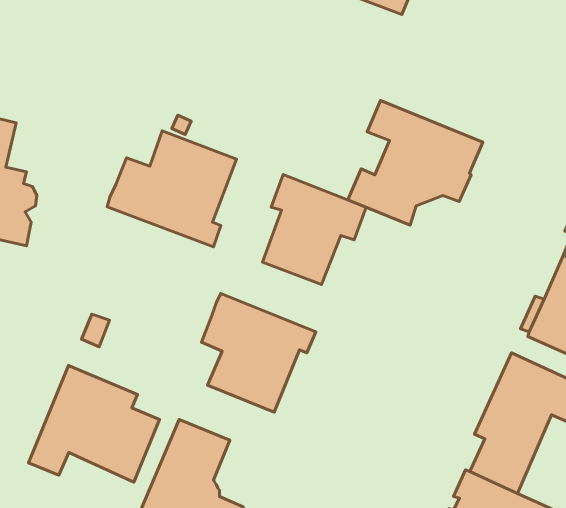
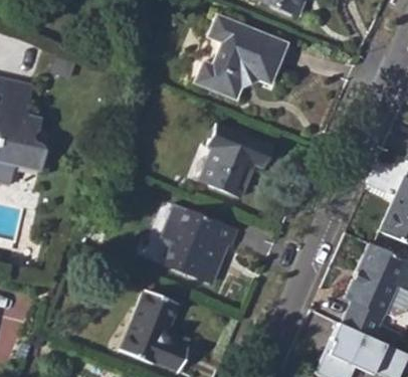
building: [348,101,483,225] -> [194,15,285,100]
building: [107,131,236,247] -> none
building: [29,366,159,482] -> none

